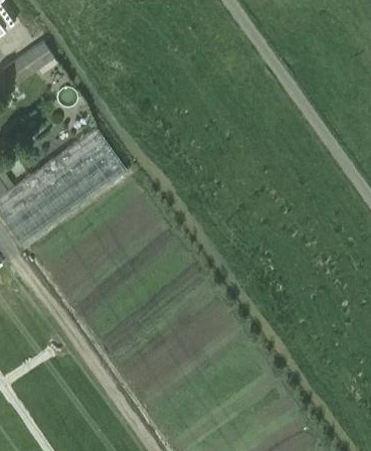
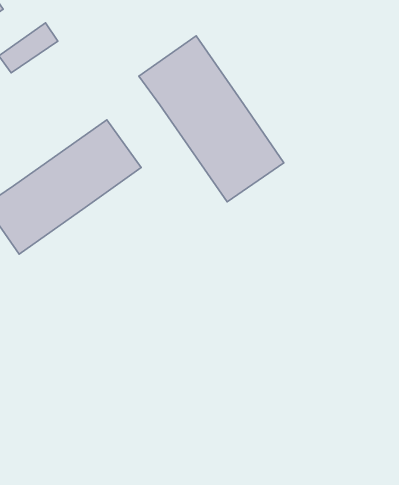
building: none -> [139,36,284,202]

